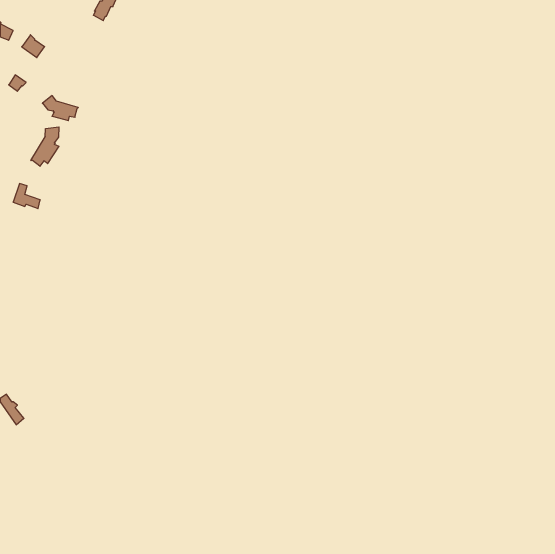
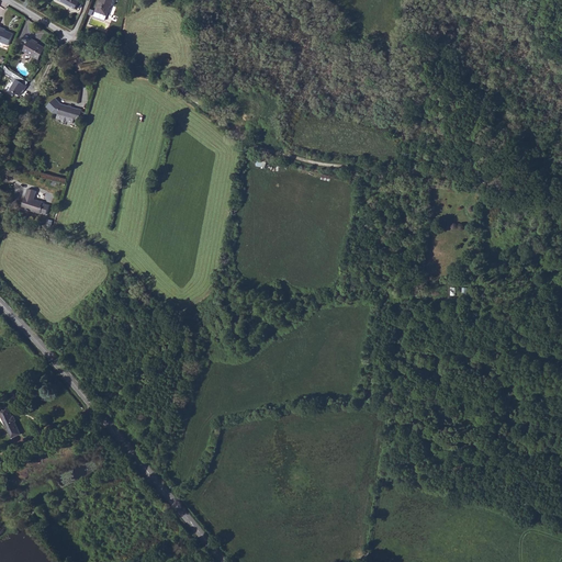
building: [31,127,59,166] -> none

